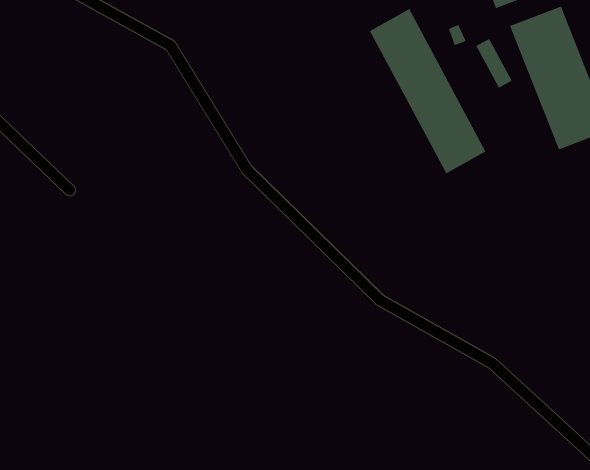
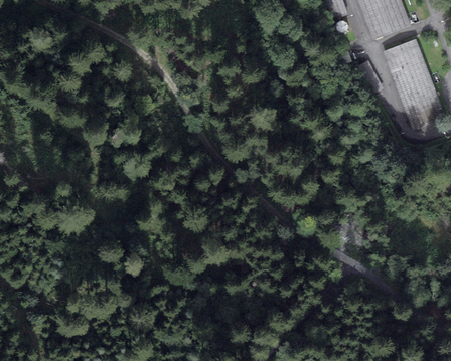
building: [369,8,486,174] -> none

